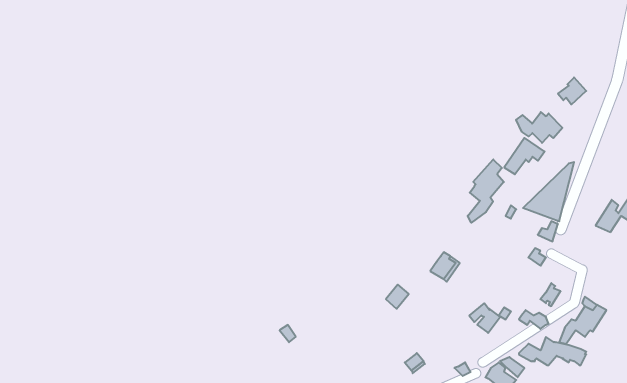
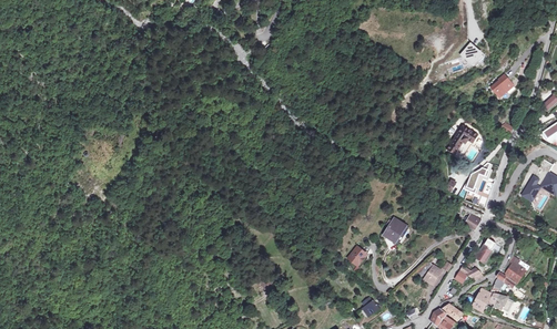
building: [516,112,562,143] -> none
building: [468,159,504,223] -> none

